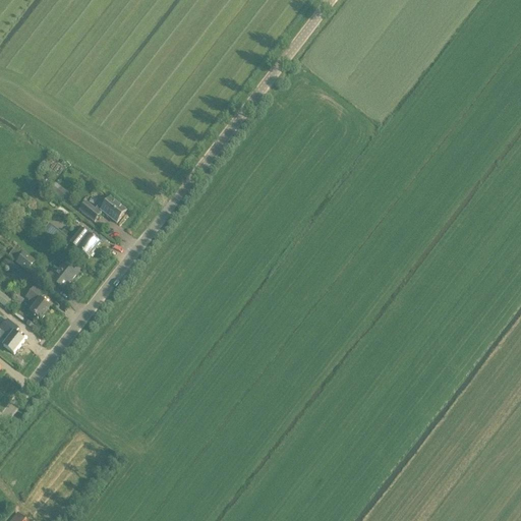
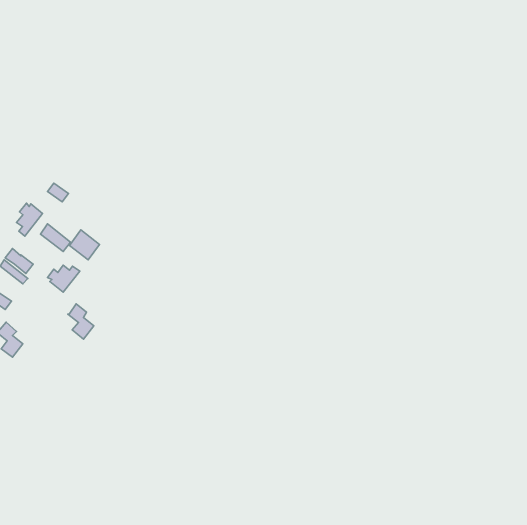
building: [77,195,124,220] -> none
building: none -> [17,203,43,236]
building: [23,283,49,317] -> [68,304,94,339]

